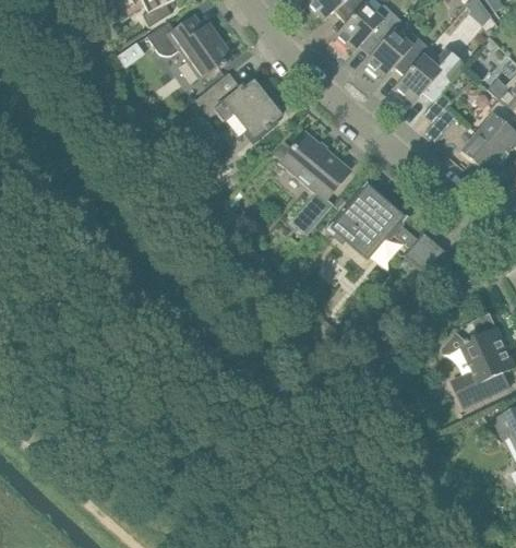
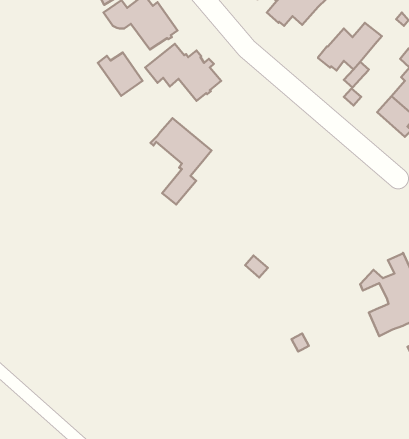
building: [364,28,430,76] -> none
building: none -> [98,53,143,96]
building: [280,132,350,231] -> [151,118,211,204]
building: [331,182,444,271] -> none

